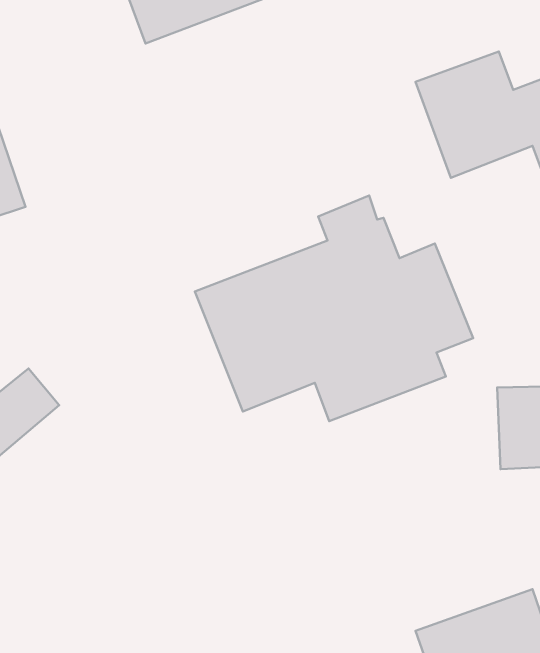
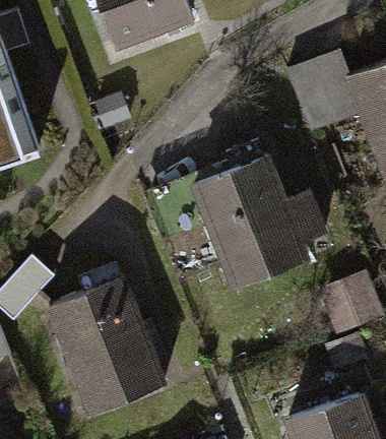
building: none -> [50,280,164,416]

